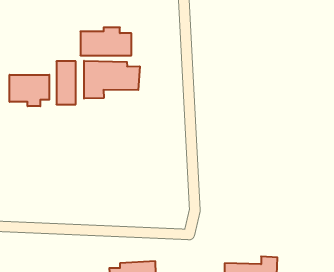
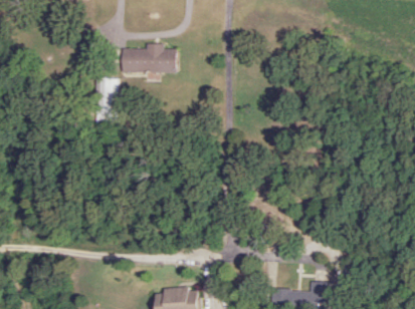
building: [84,61,140,99] -> none
building: [10,75,49,106] -> none

